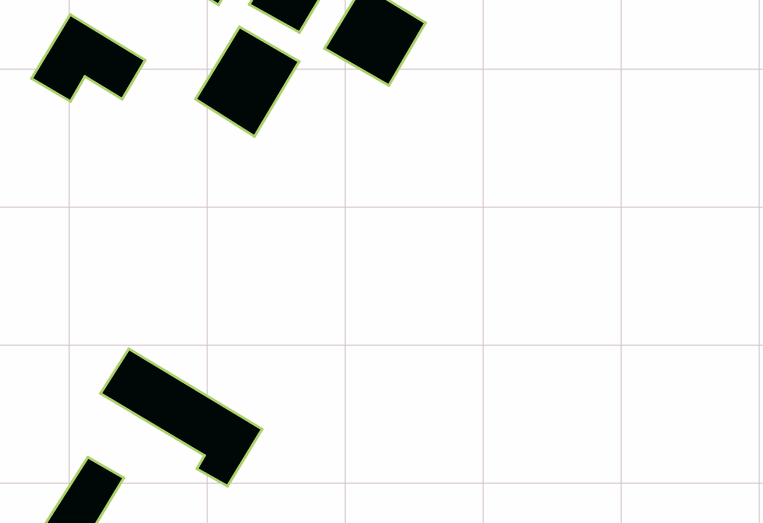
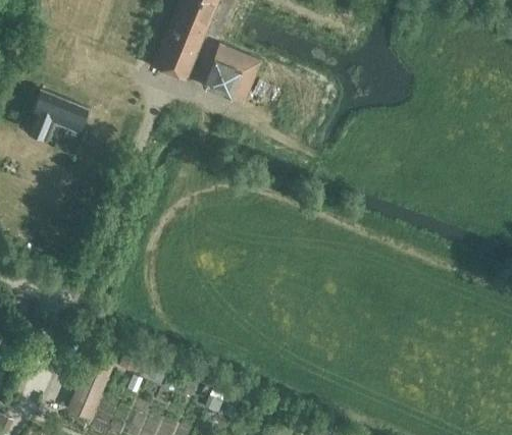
building: [195,27,299,137] -> none
building: [100,349,262,486] -> none

